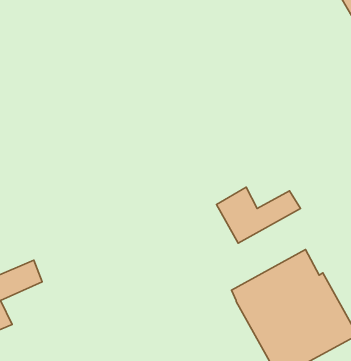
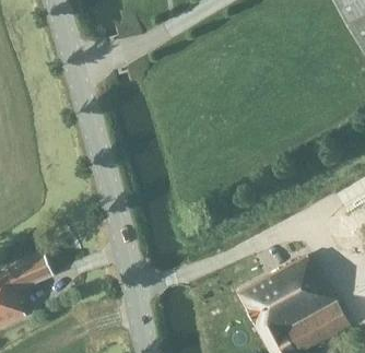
building: [216,187,301,243] -> none

